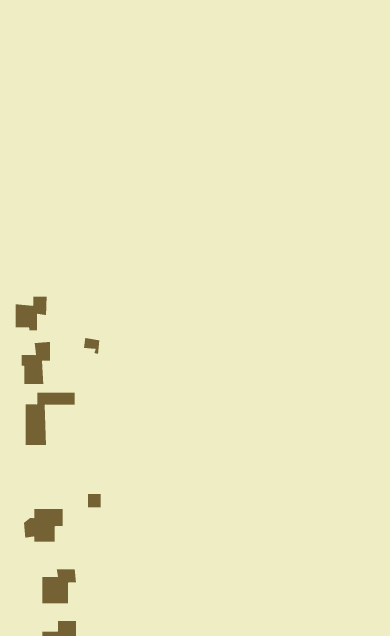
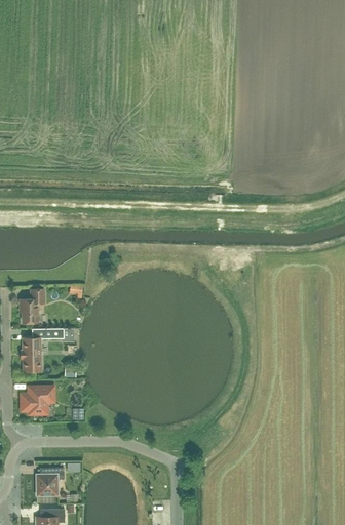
building: [15,296,47,331] -> none
building: [23,508,63,542] -> [21,387,52,413]

